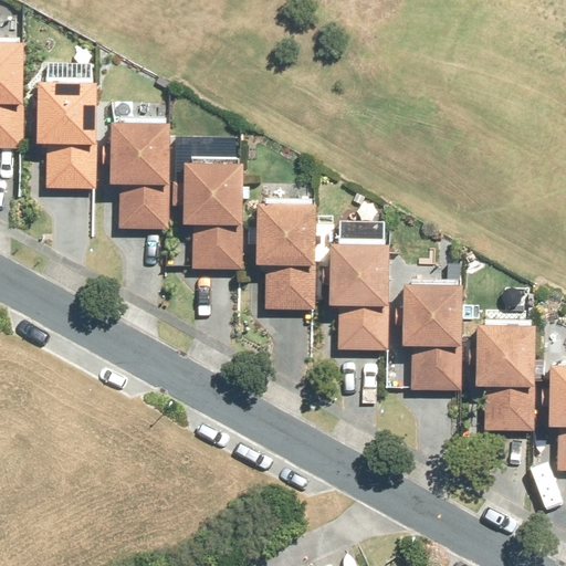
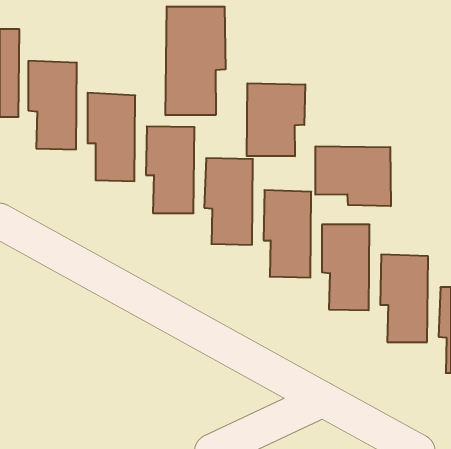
building: none -> [166,6,225,115]
building: none -> [247,83,305,156]
building: none -> [315,146,391,206]

